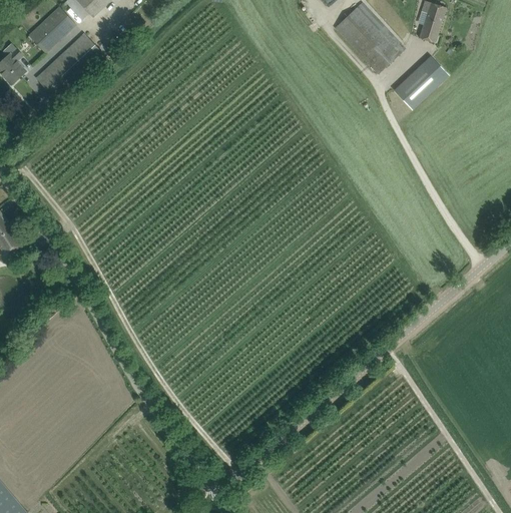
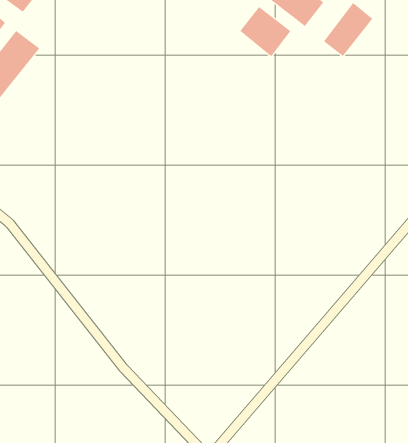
building: none -> [240,6,291,57]

